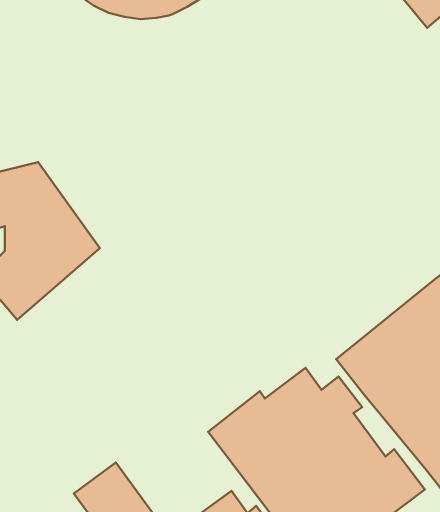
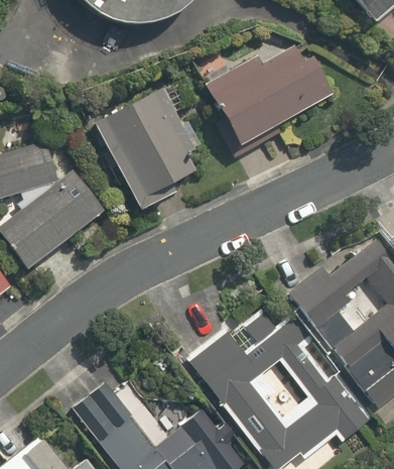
building: none -> [200,37,334,145]
building: none -> [95,84,202,213]

